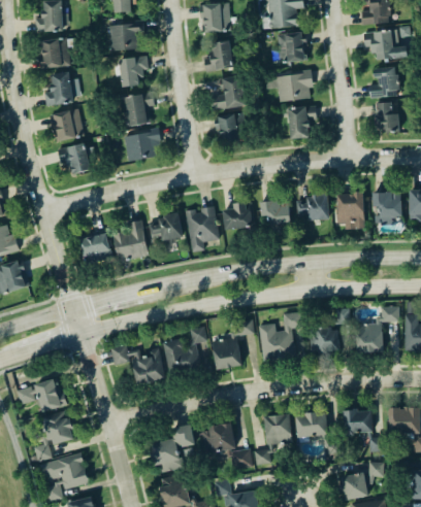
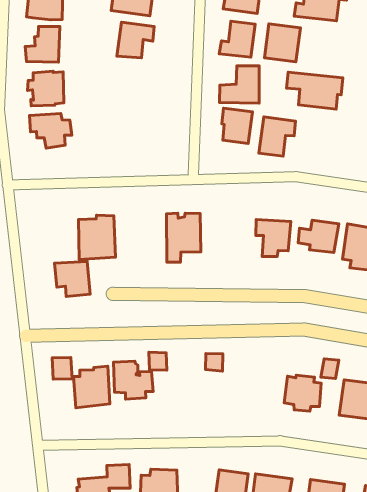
building: [278,33,305,63] -> [264,24,301,62]
building: [119,92,155,126] -> none
building: [289,107,317,139] -> [259,117,295,156]
building: [124,127,160,162] -> none
building: [223,201,254,230] -> none
building: [148,211,183,240] -> none
building: [78,230,112,262] -> [55,262,90,296]
building: [258,313,296,361] -> none
building: [212,337,241,369] -> none

